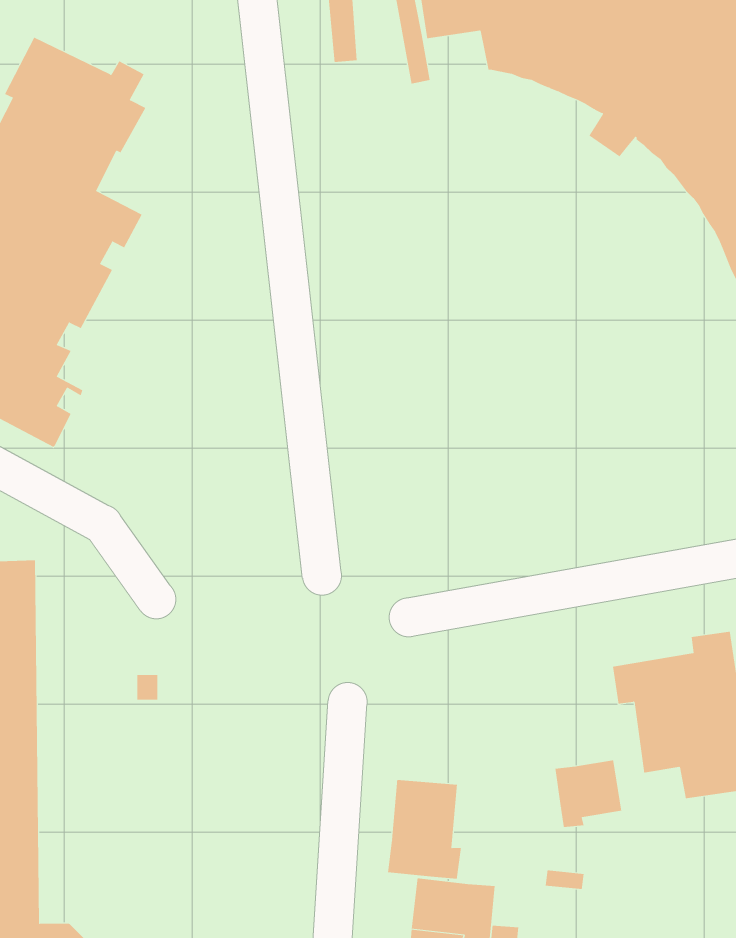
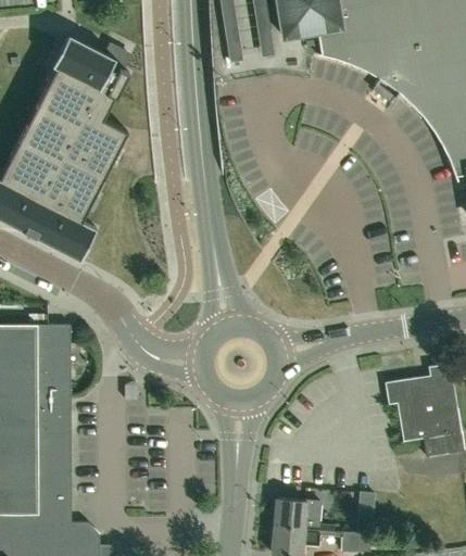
building: [555,759,622,828] -> none
building: [387,779,461,880] -> none

